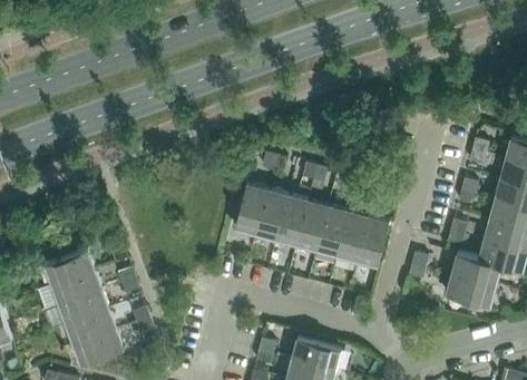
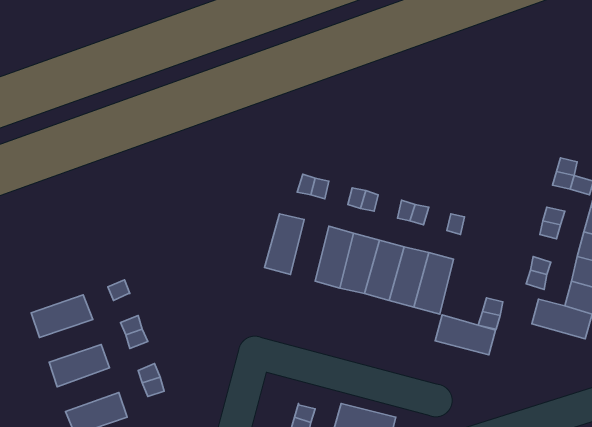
building: [255,189,286,240] -> none
building: [51,271,101,305] -> none
building: [446,274,495,306] -> [435,315,496,355]
building: [66,310,116,345] -> none

